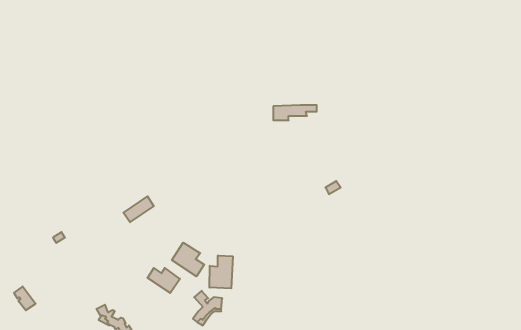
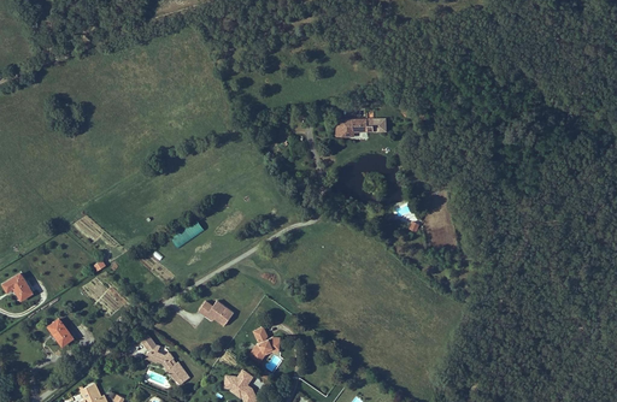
building: [172,243,204,276] -> none
building: [209,255,233,288] -> none

